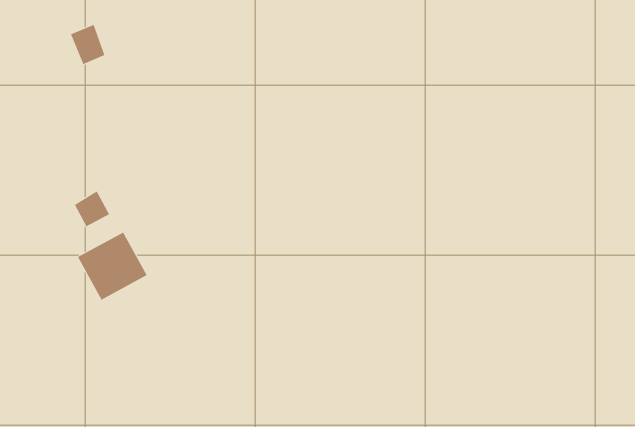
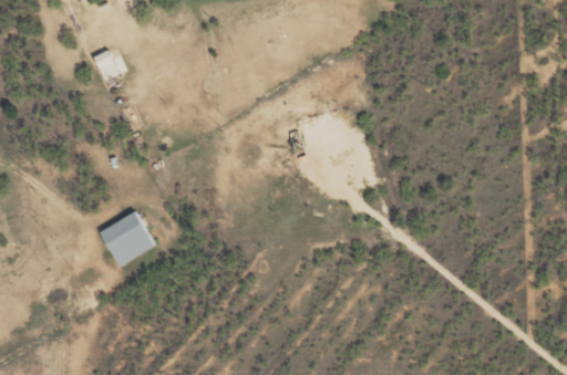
building: [74,191,110,227] -> none

